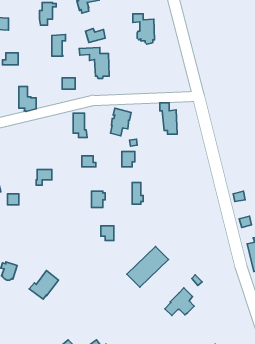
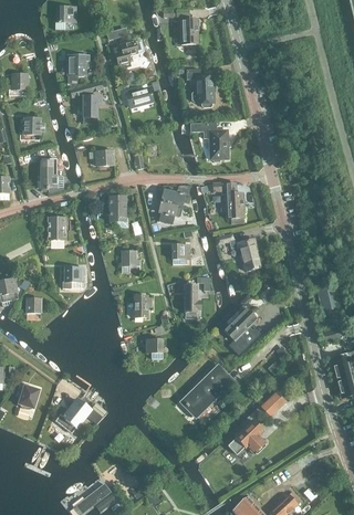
building: [79,48,109,79] -> [189,122,228,161]
building: none -> [46,217,63,245]
building: none -> [218,233,257,271]
building: none -> [222,307,256,354]

